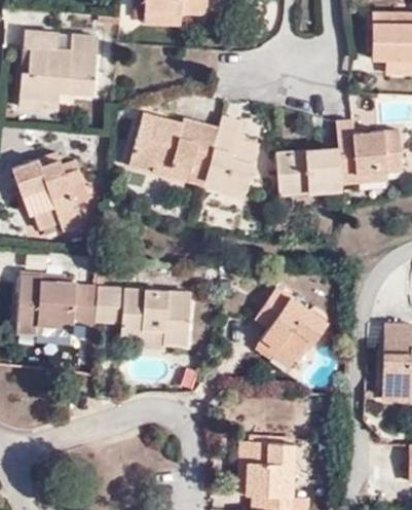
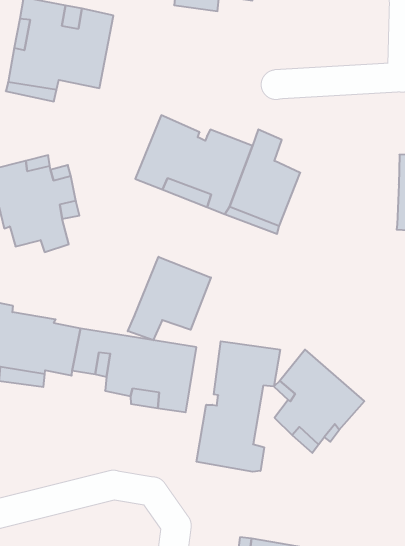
building: [275,147,340,194] -> none
building: none -> [128,257,211,340]
building: none -> [197,341,280,472]

